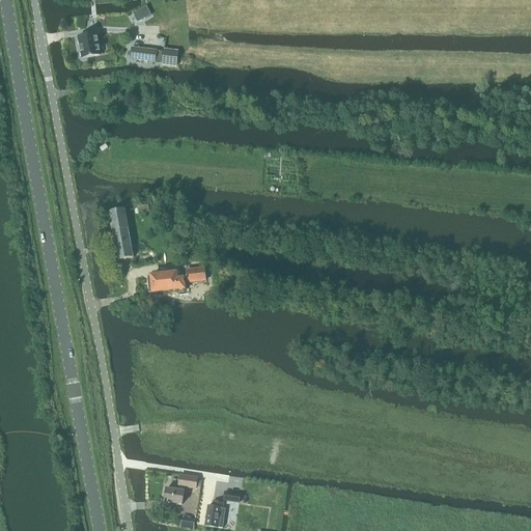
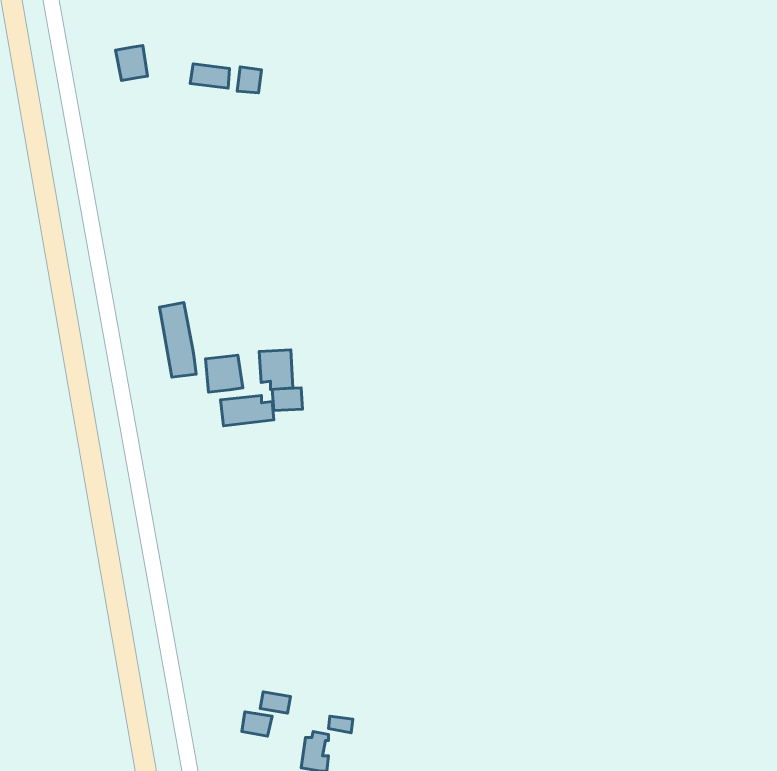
building: none -> [259,350,293,389]
building: none -> [206,355,243,392]

